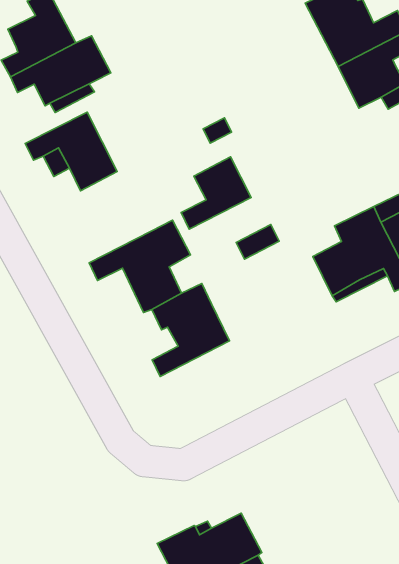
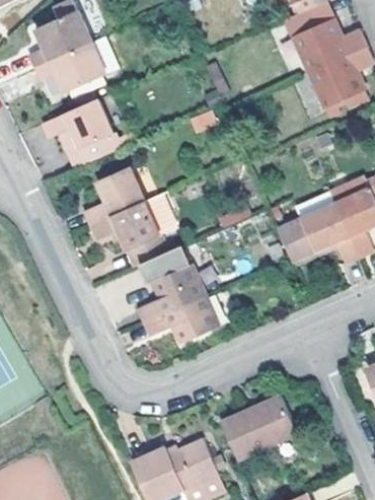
building: [181,157,251,229] -> [85,166,144,224]
building: none -> [145,295,217,343]
building: none -> [223,395,298,458]

